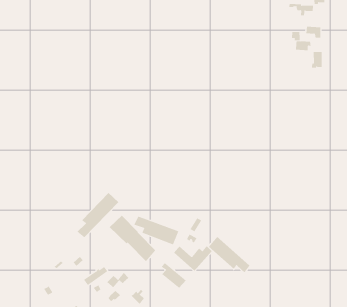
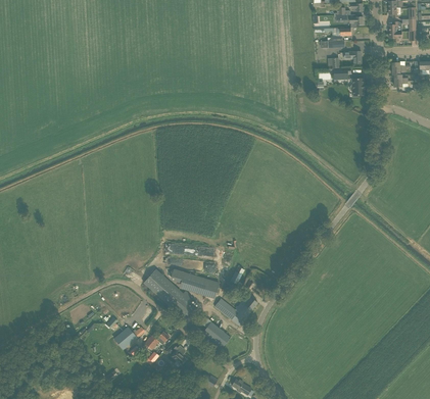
building: [77,192,119,238] -> none
building: [208,236,250,273] -> none

